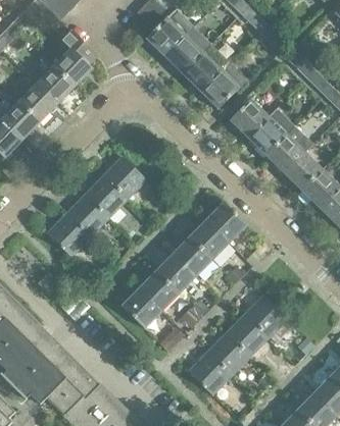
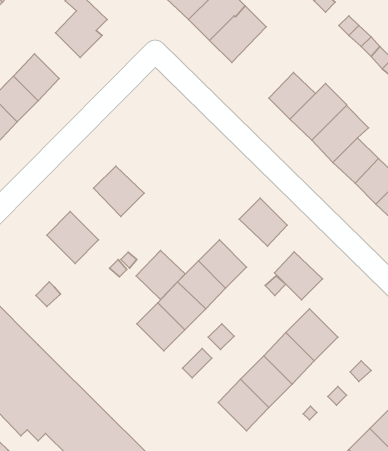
building: [199,61,246,109] -> none
building: [36,66,74,104] -> none
building: [103,157,146,199] -> none
building: [65,195,107,237] -> none
building: [189,220,229,260] -> [274,252,323,300]
building: none -> [136,250,185,299]

